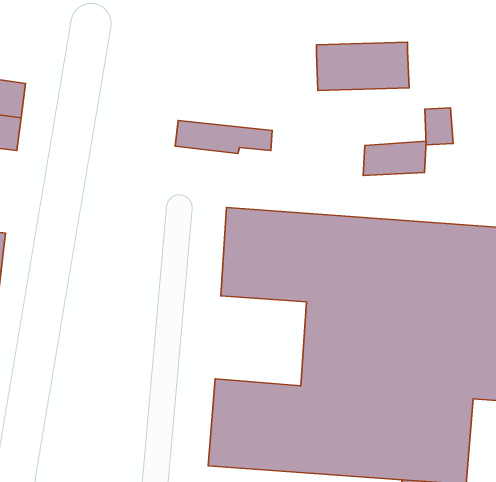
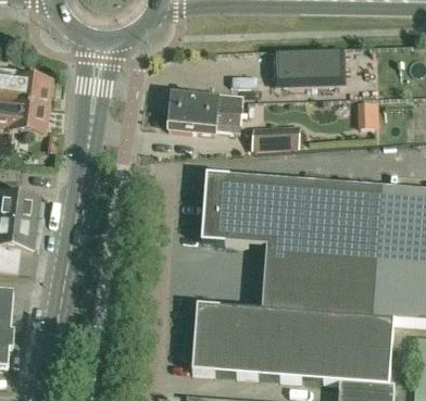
building: none -> [168,88,243,115]
building: [363,141,426,175] -> [251,123,299,149]

